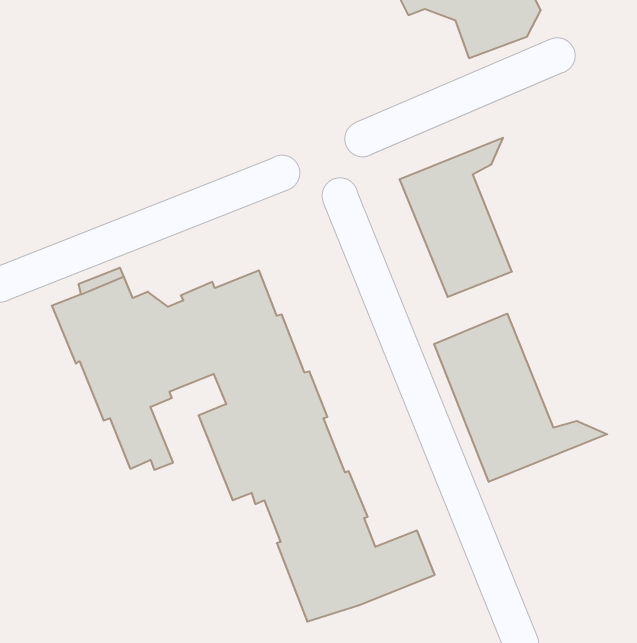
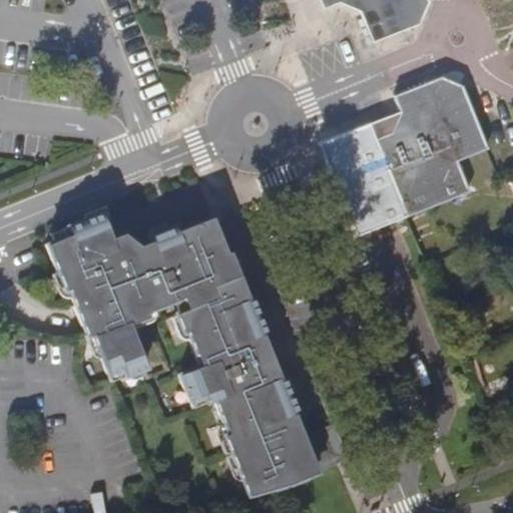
building: none -> [382,75,493,215]
building: [434,314,607,482] -> none

